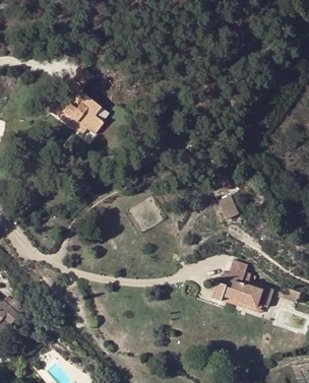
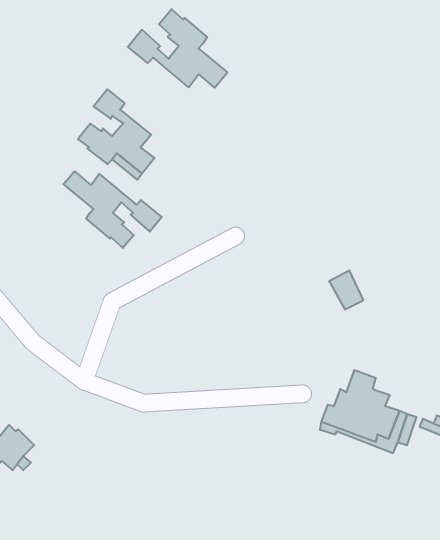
building: none -> [128,9,227,88]
building: none -> [63,171,162,248]

